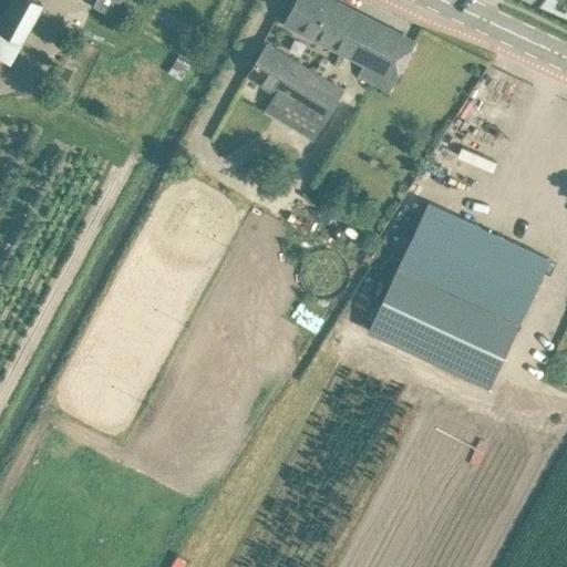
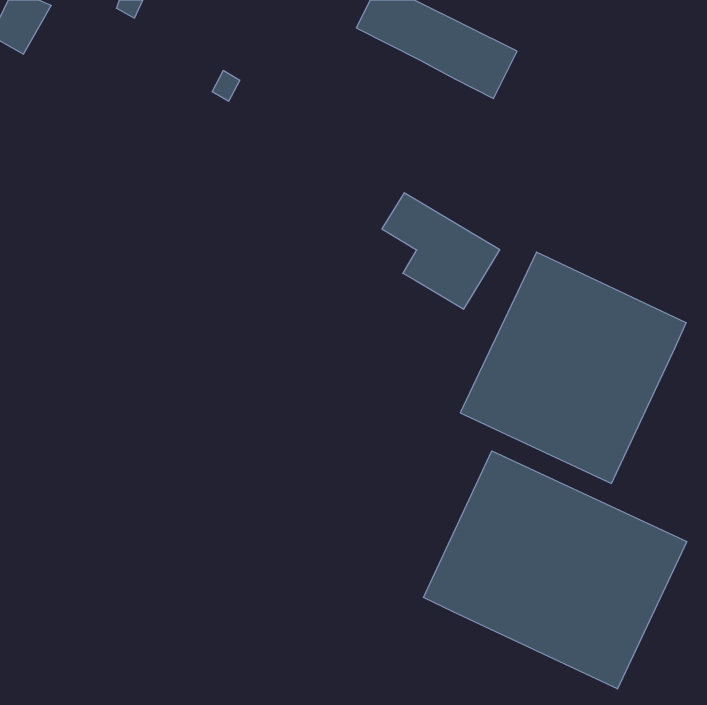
building: [248,48,342,141] -> [382,193,500,309]
building: none -> [424,451,687,689]

